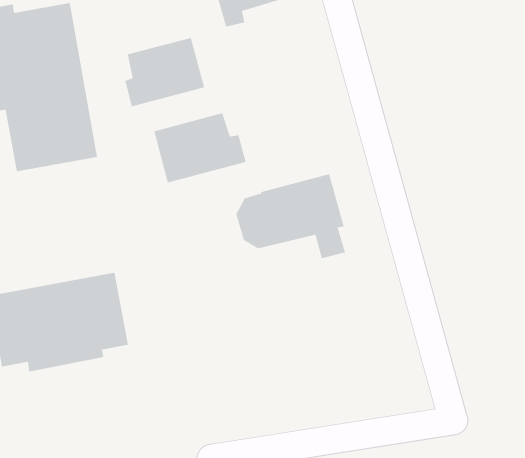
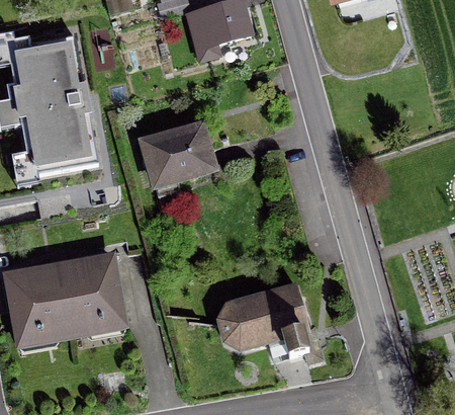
building: [125,37,205,107] -> none
building: [236,173,346,259] -> [216,288,306,358]

